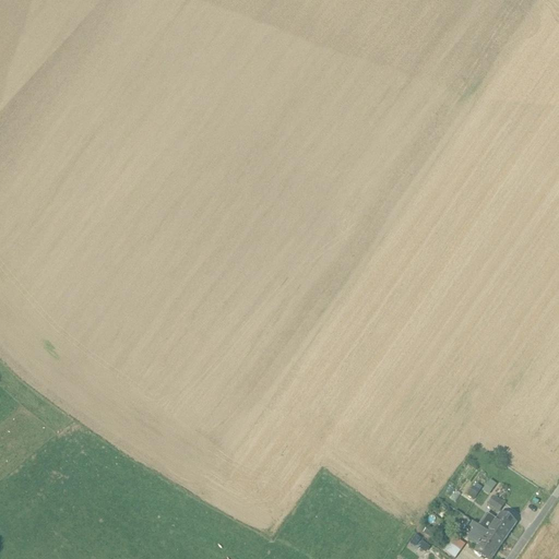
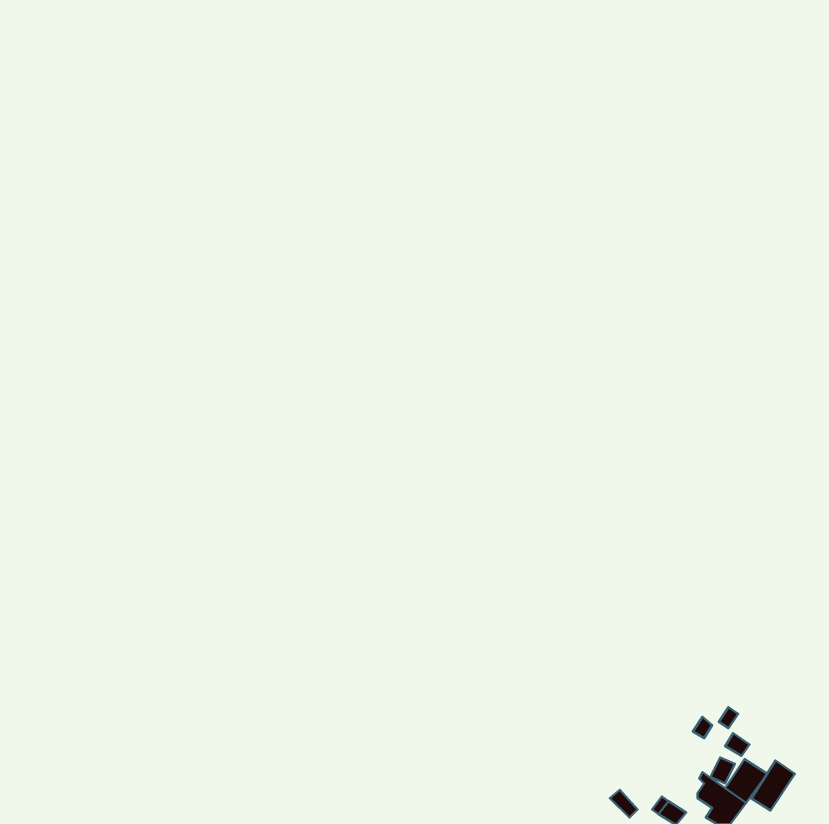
building: none -> [752,761,795,810]

